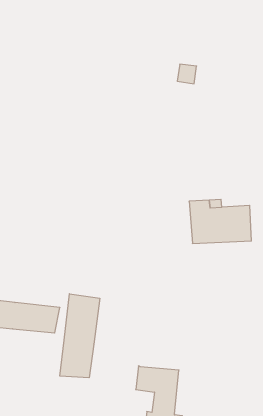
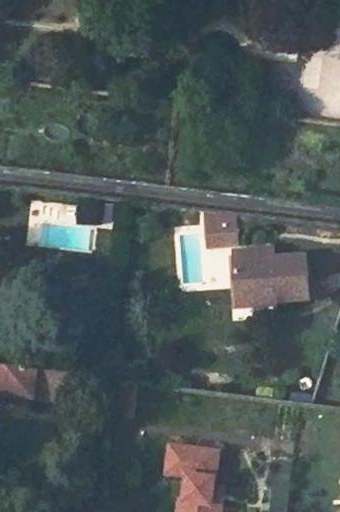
building: none -> [204,212,236,247]
building: [60,294,100,378] -> none

